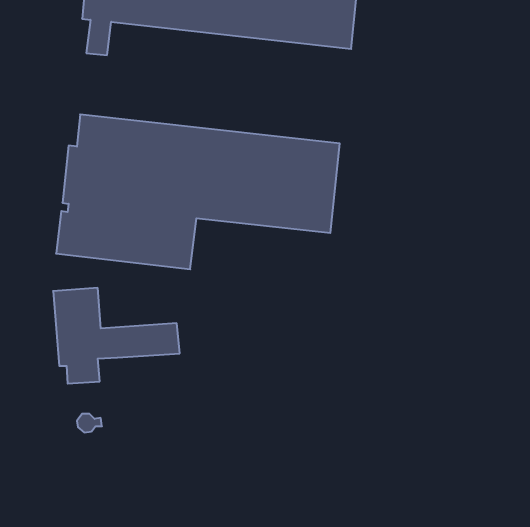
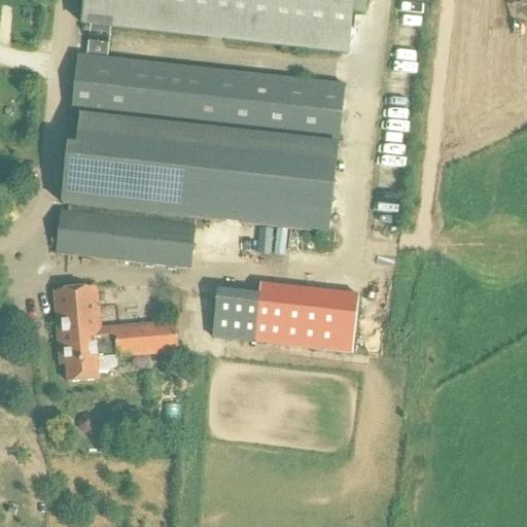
building: none -> [70,51,344,142]
building: none -> [211,280,358,353]

